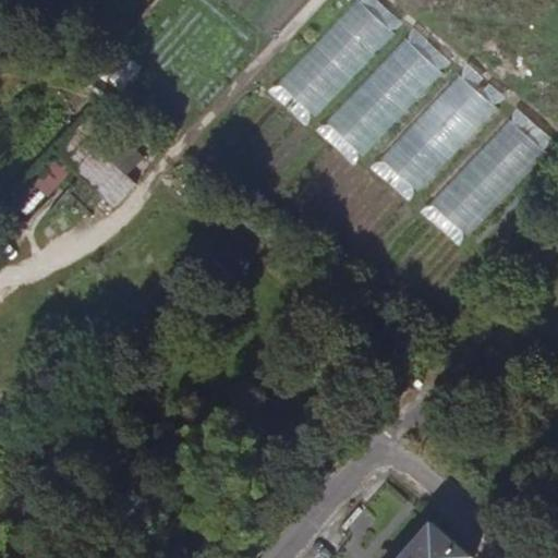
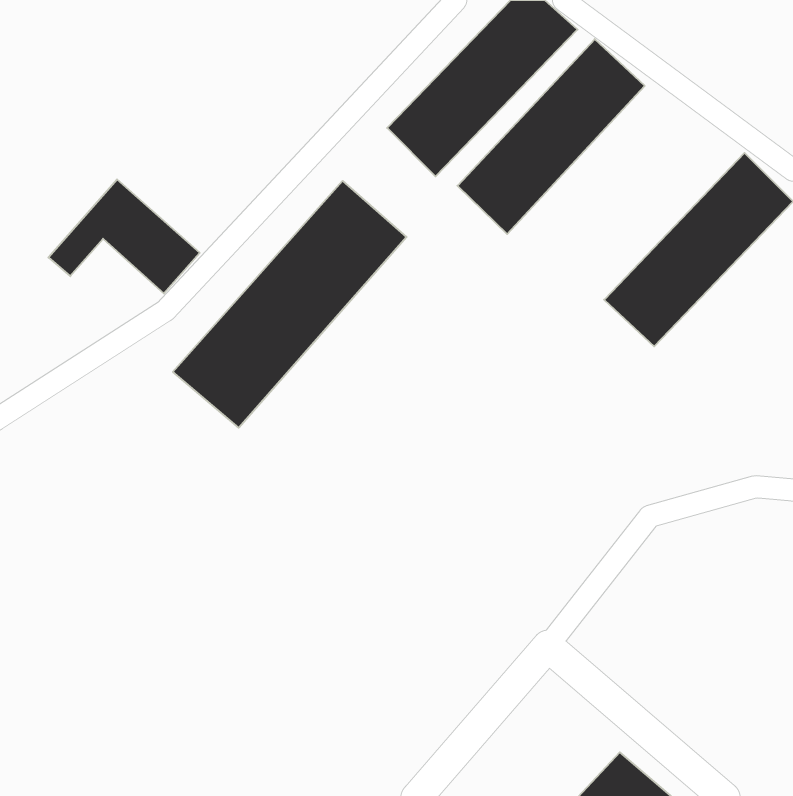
building: [373,64,505,199] -> none
building: none -> [173,181,407,428]

